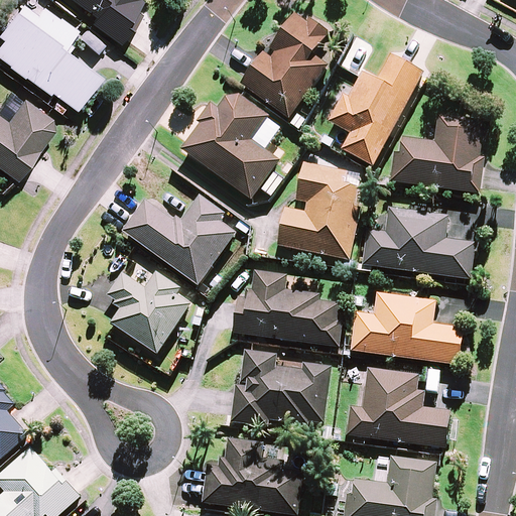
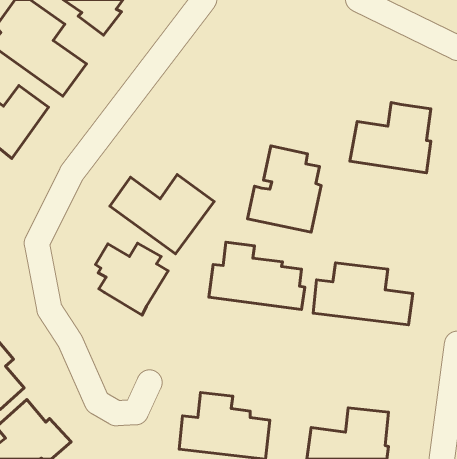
building: [241,11,326,118] -> none
building: [327,54,422,165] -> none
building: [180,88,278,199] -> none
building: [363,208,474,278] -> none
building: [232,351,330,424] -> none
building: [347,368,449,447] -> none

